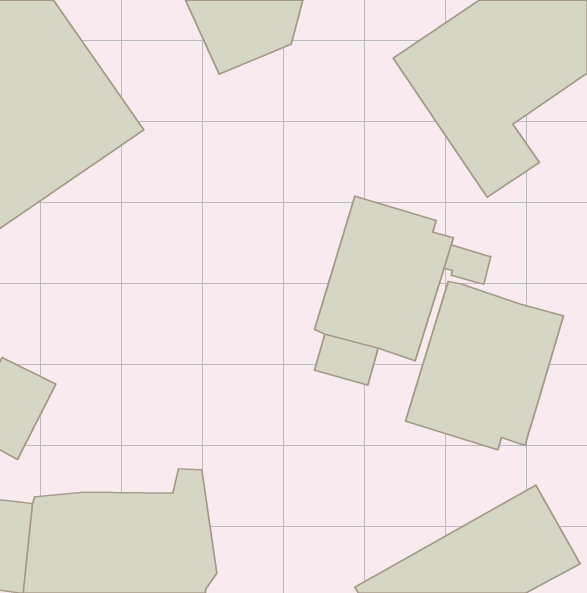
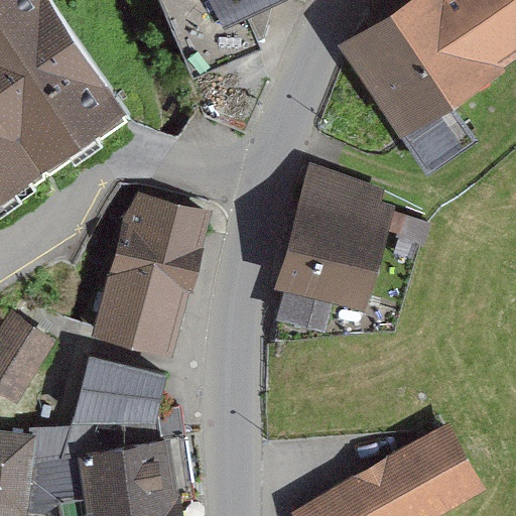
building: none -> [89,192,209,360]
building: [406,281,564,450] -> none
building: none -> [72,356,162,428]

